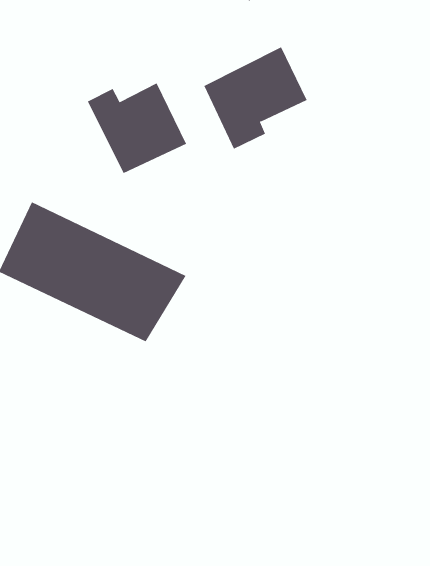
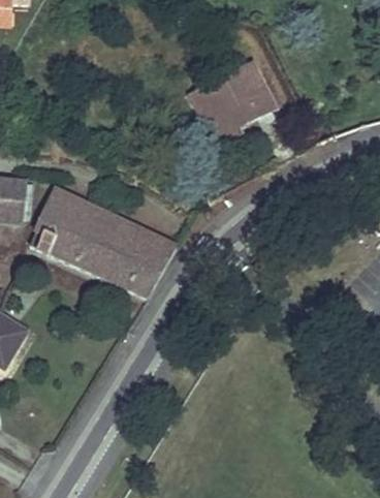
building: [87,82,187,174] -> none

